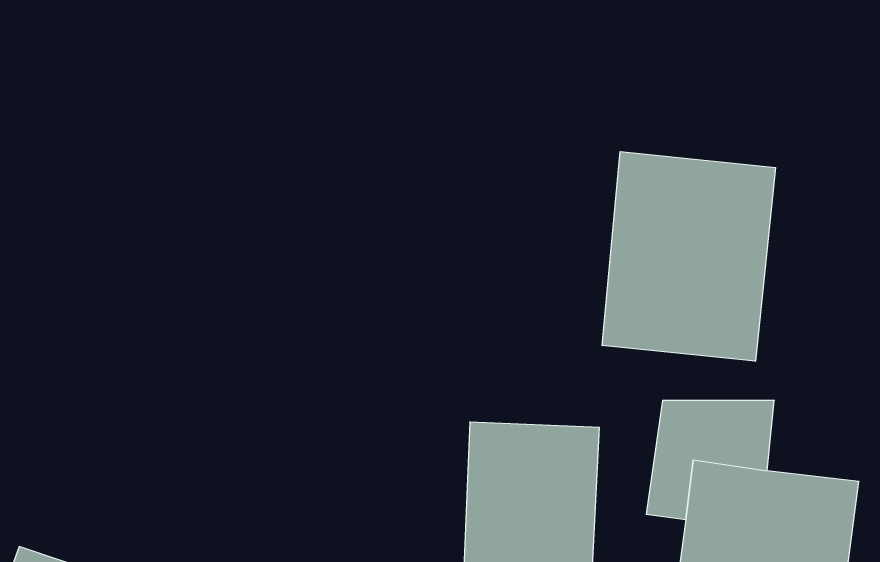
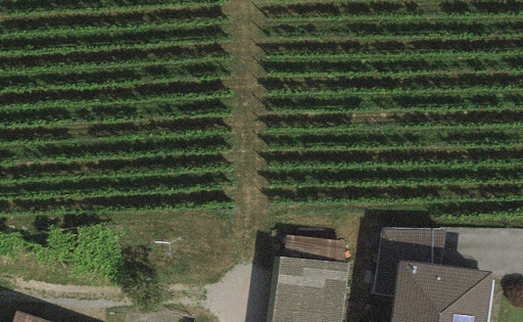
building: [602,152,776,361] -> none

